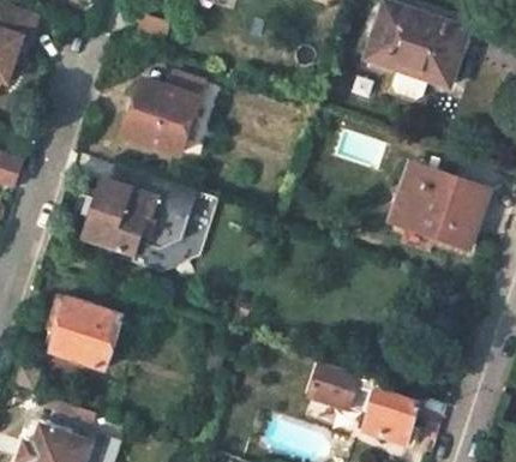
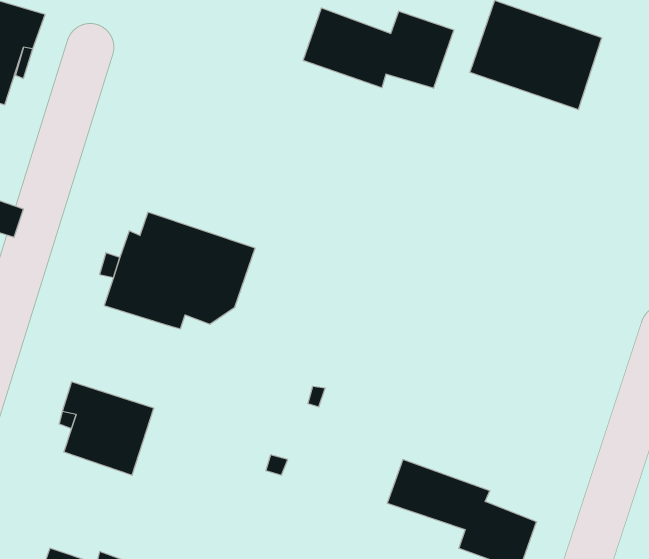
building: none -> [303,8,454,88]
building: [126,73,203,152] -> none
building: [389,164,486,248] -> none

